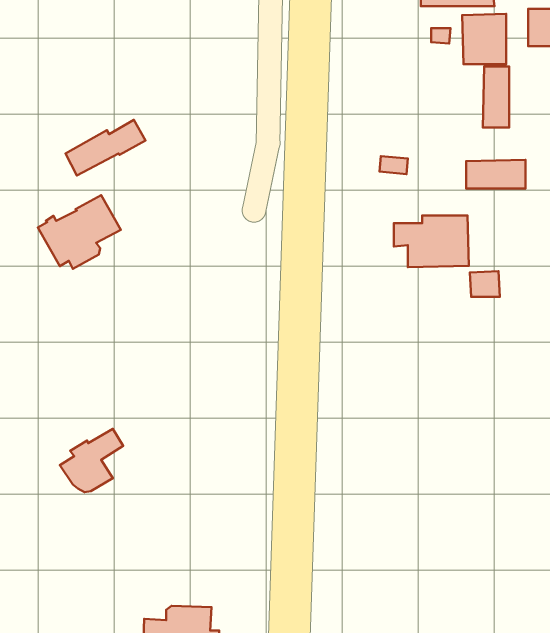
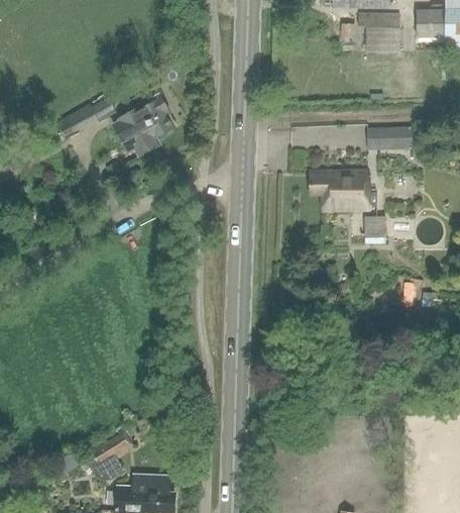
building: [483,67,509,127] -> none
building: [38,195,121,269] -> [109,98,174,156]
building: [60,429,123,492] -> [84,429,133,479]

